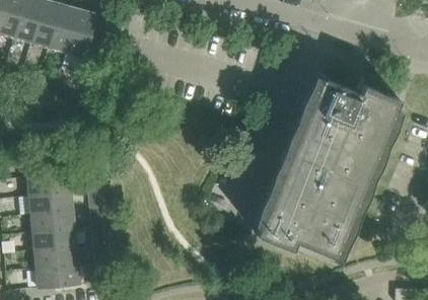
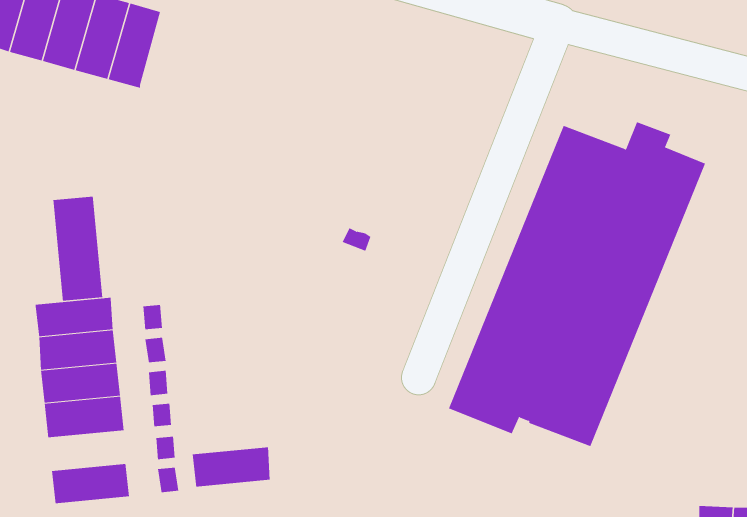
building: none -> [53,196,103,301]
building: [33,246,77,269] -> [192,447,271,487]

